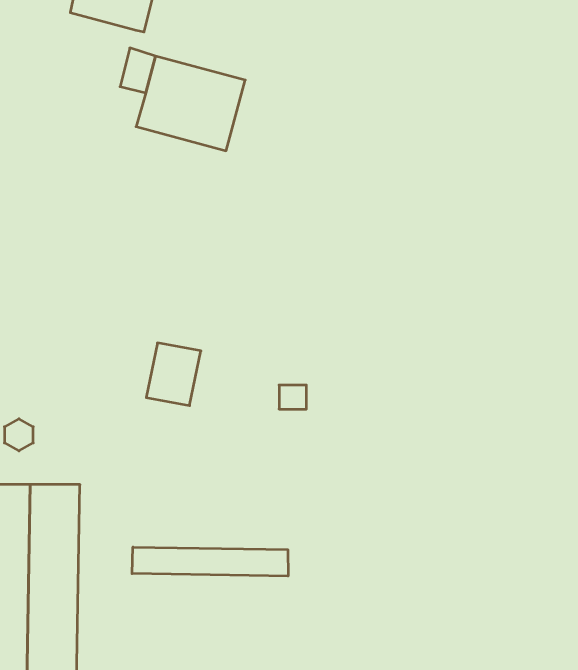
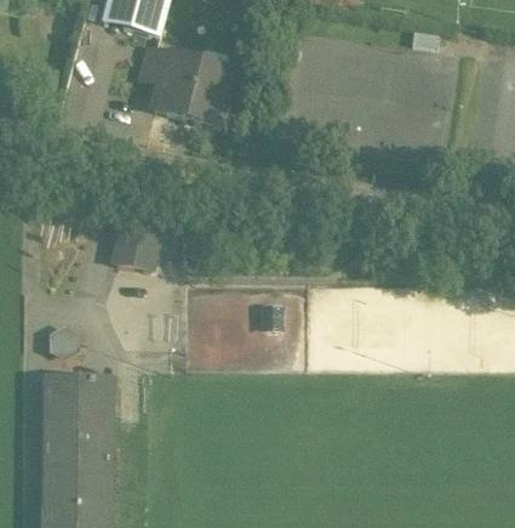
building: [146,343,201,406] -> [115,218,156,266]
building: [132,547,288,576] -> none

